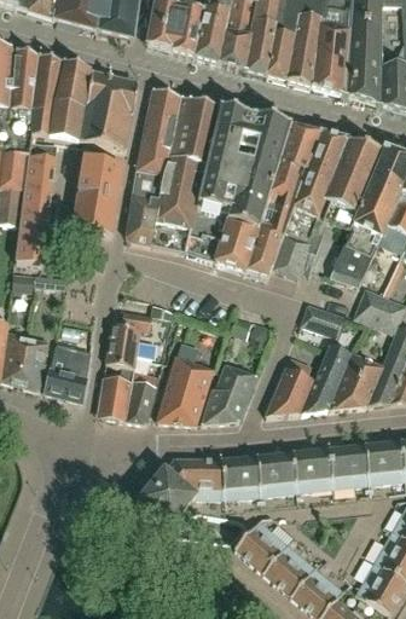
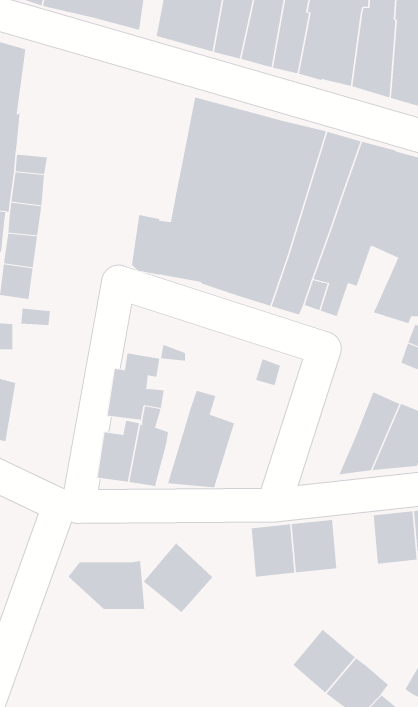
building: [31,54,138,150] -> none
building: [133,87,180,199] -> none
building: [71,157,122,235] -> none
building: [300,302,343,336] -> none
building: [22,335,50,389] -> none
building: [45,345,91,400] -> none
building: [266,357,315,416] -> none
building: [202,364,256,423] -> none
building: [296,446,334,491] -> none
building: [166,457,231,498] -> [68,561,145,609]
building: [234,519,288,572] -> none

